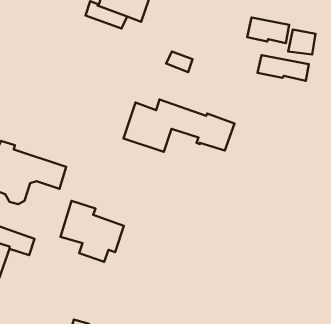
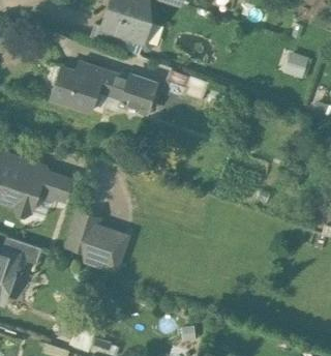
building: [247,17,289,43] -> none
building: [258,55,309,81] -> none
building: [123,99,235,152] -> [52,63,157,113]

